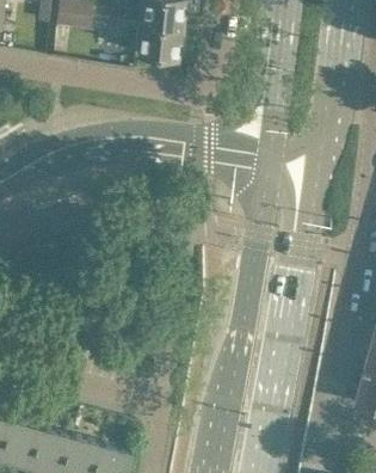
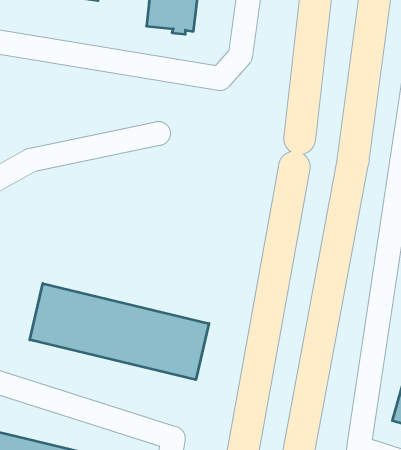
building: none -> [30,283,209,380]

